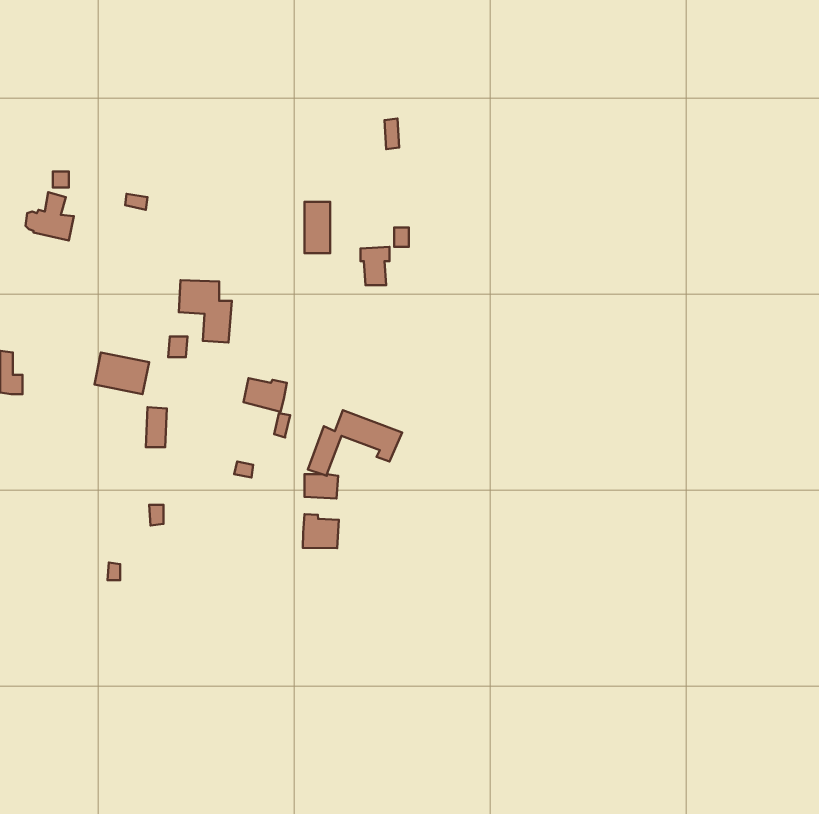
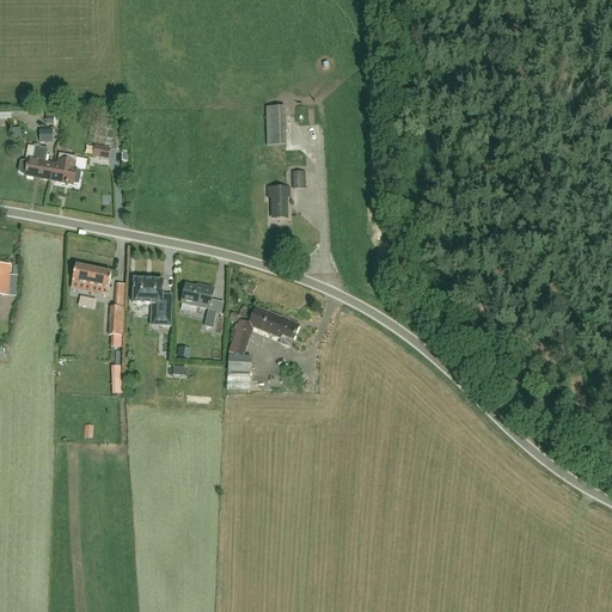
building: [304,202,330,253] -> [267,104,286,142]
building: none -> [51,152,81,184]
building: [179,280,232,343] -> [133,277,172,324]
building: [303,514,339,548] -> none

